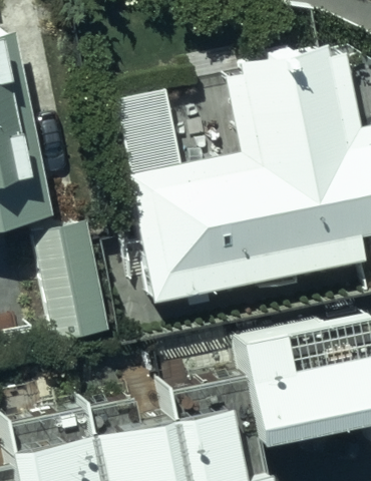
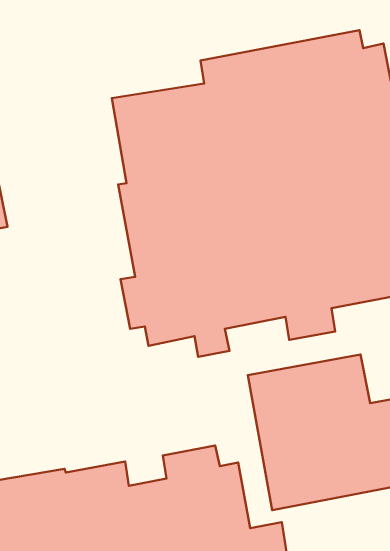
building: [40,217,110,333] -> none

